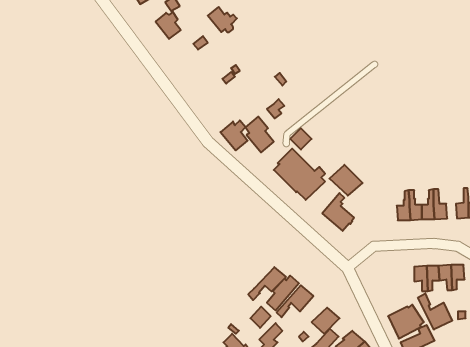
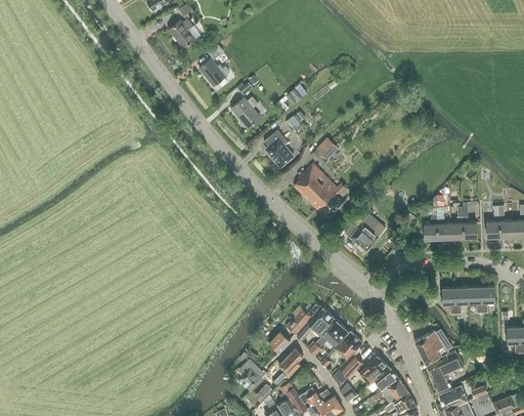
building: [208,7,237,32] -> [200,58,230,85]
building: [220,120,248,150] -> [231,95,260,127]
building: [329,165,363,196] -> none
building: [248,267,286,300] -> [309,320,349,355]
building: [418,293,452,330] -> none

